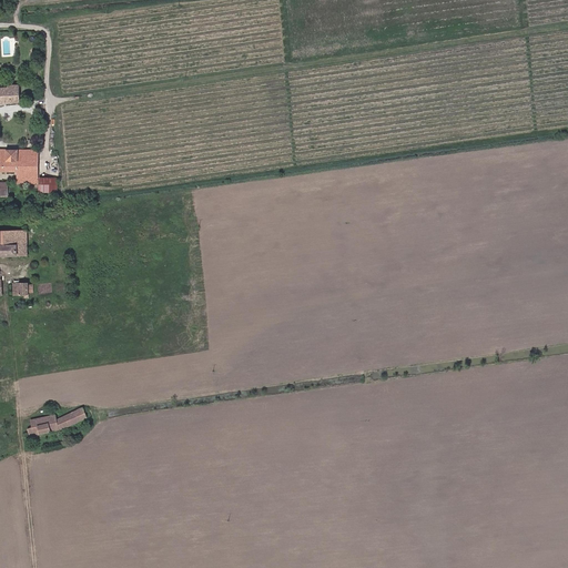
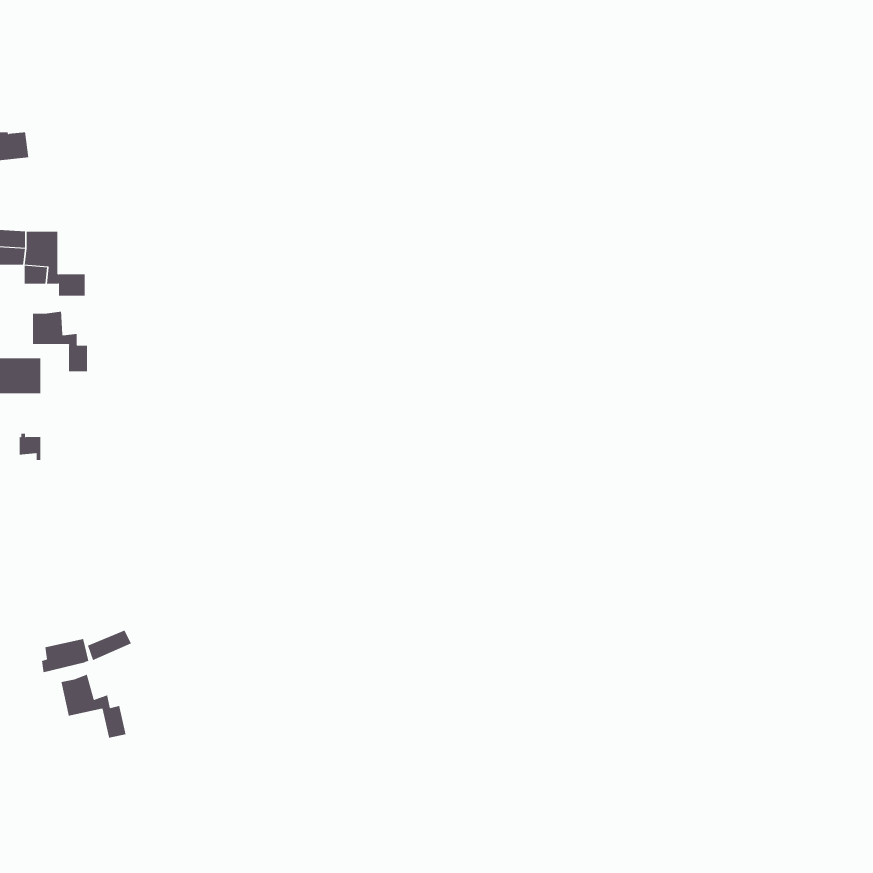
building: none -> [33,311,87,372]
building: none -> [61,674,126,739]

